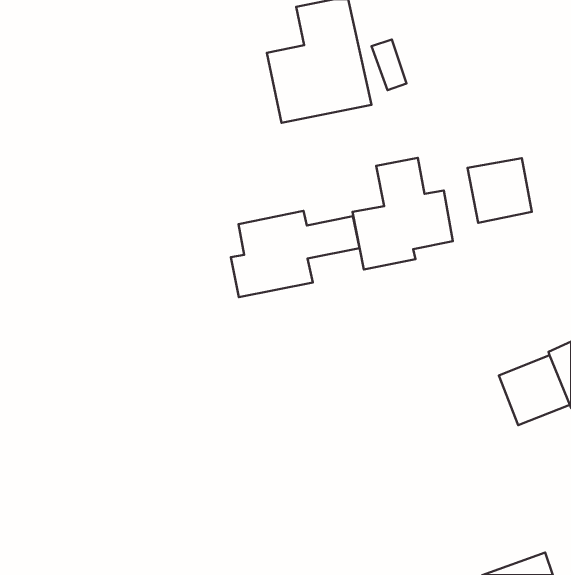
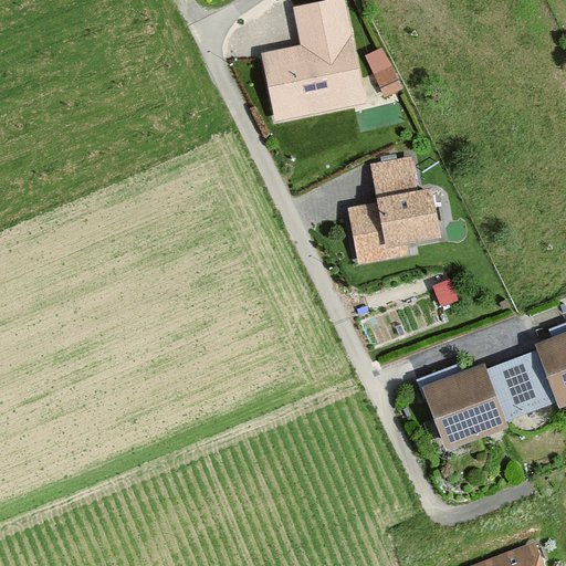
building: [467,158,532,223] -> none
building: [231,211,360,297] -> none
building: none -> [423,363,513,452]

